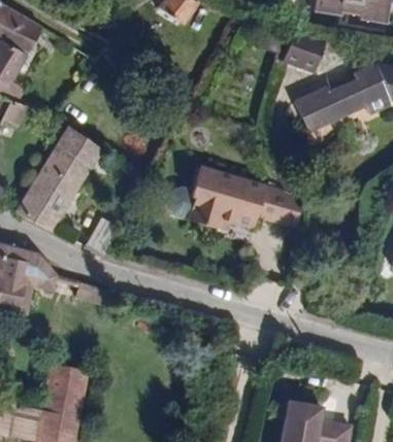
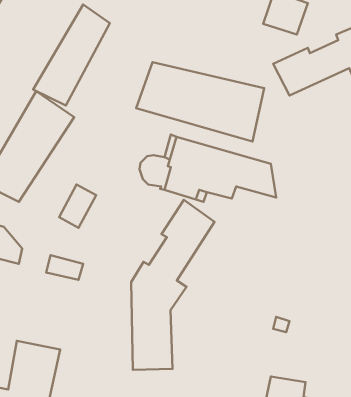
building: none -> [33,5,110,105]
building: none -> [136,62,264,141]
building: none -> [131,200,215,370]

